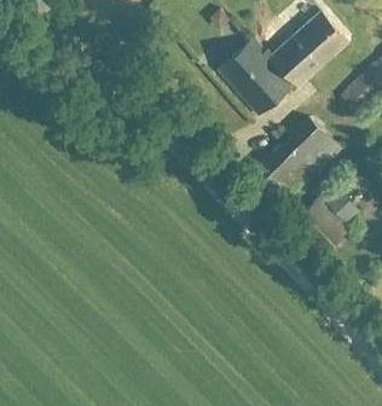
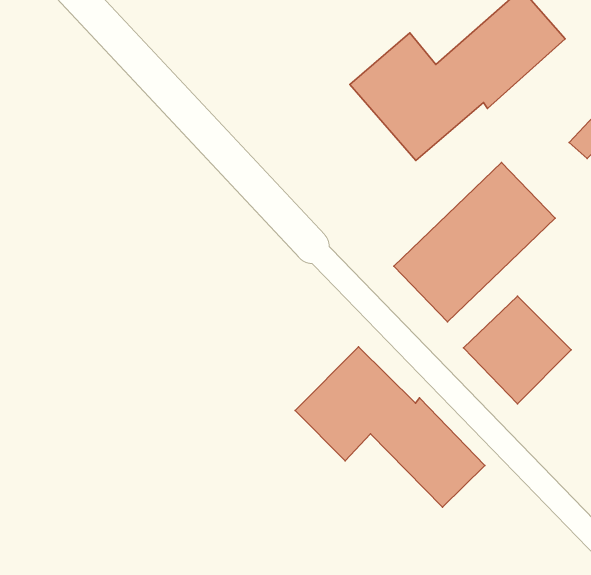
building: none -> [295,347,485,507]

